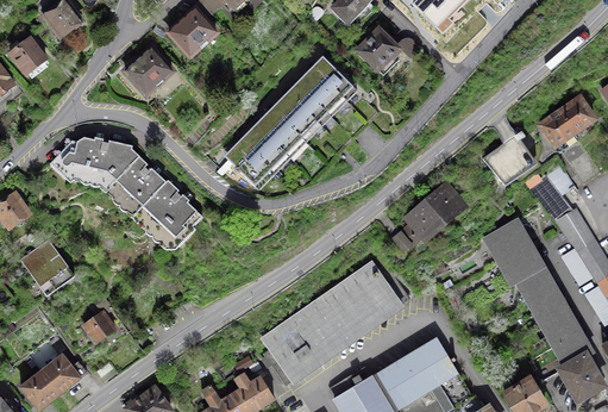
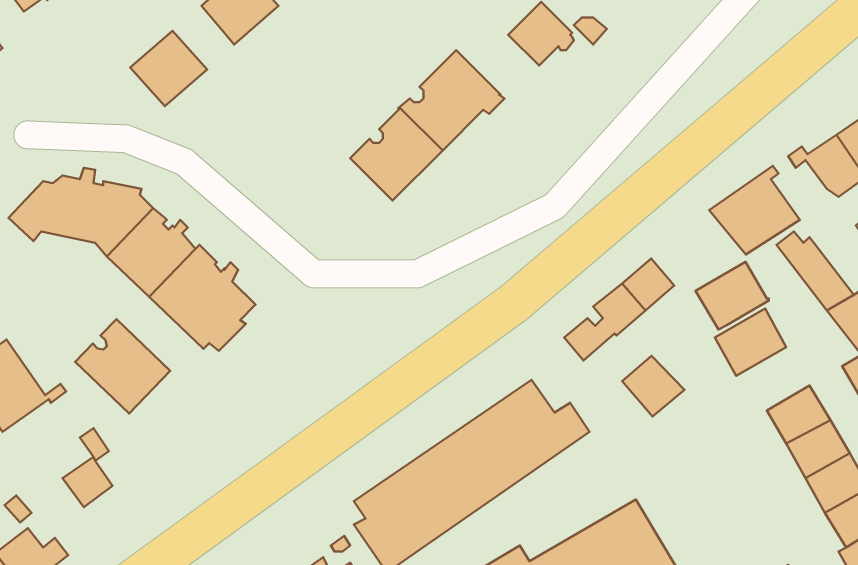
building: [228,126,289,188] -> none
building: none -> [75,319,170,414]
building: [499,243,544,285] -> [695,262,769,329]
building: none -> [622,356,684,417]

